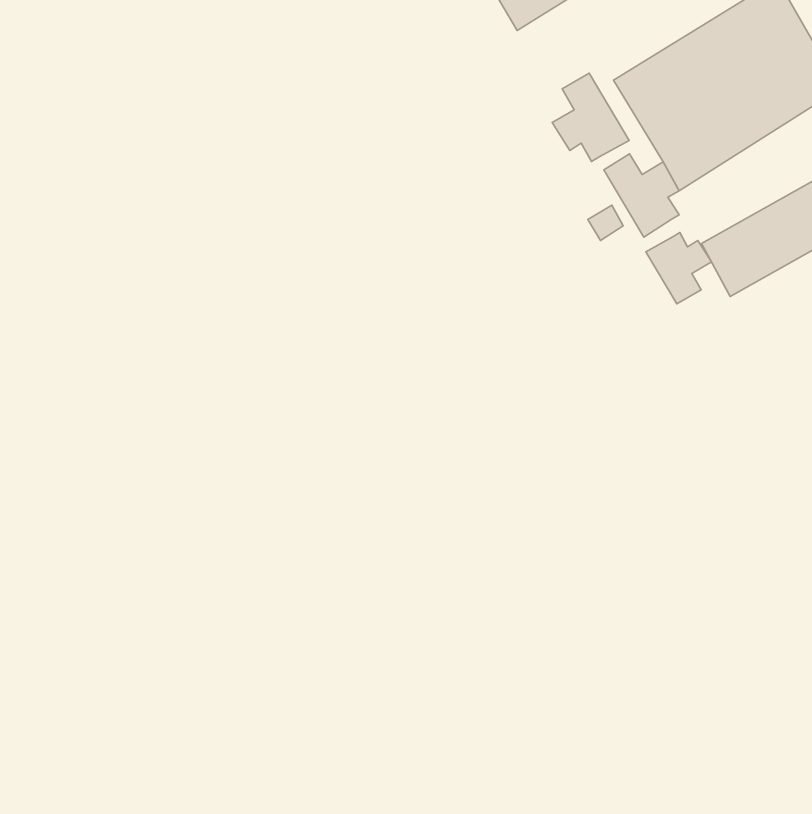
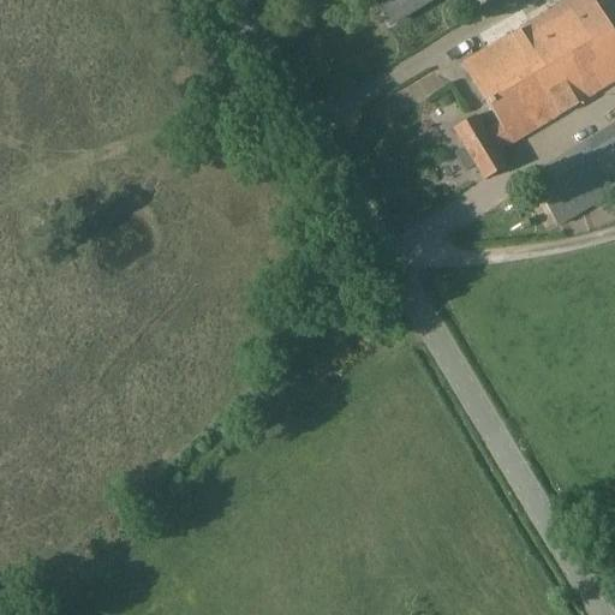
building: [552,73,629,162] -> none
building: [646,233,712,304] -> none

